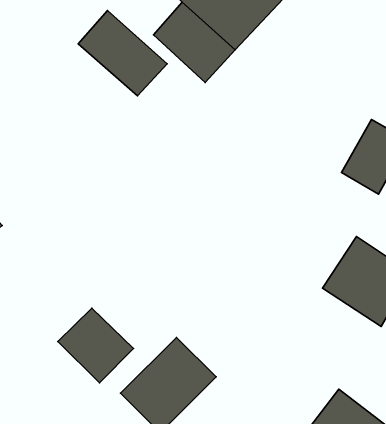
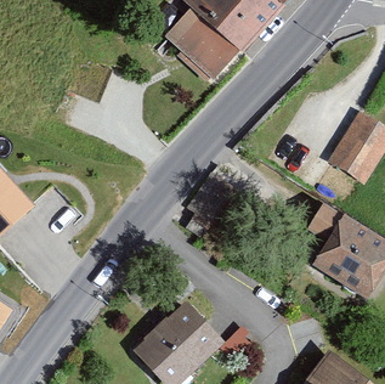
building: [78,11,167,96] -> none
building: [58,308,133,383] -> none

